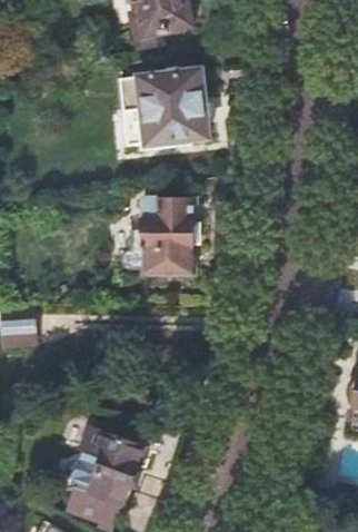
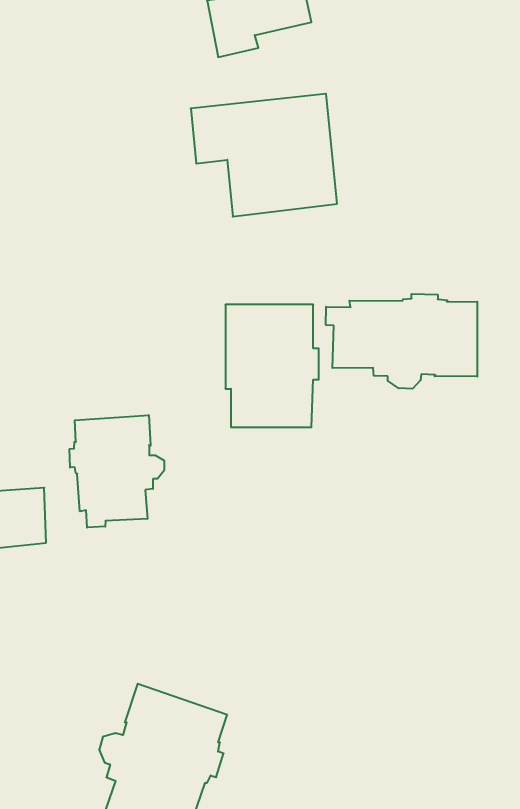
building: none -> [326,294,477,389]
building: none -> [70,415,164,528]

